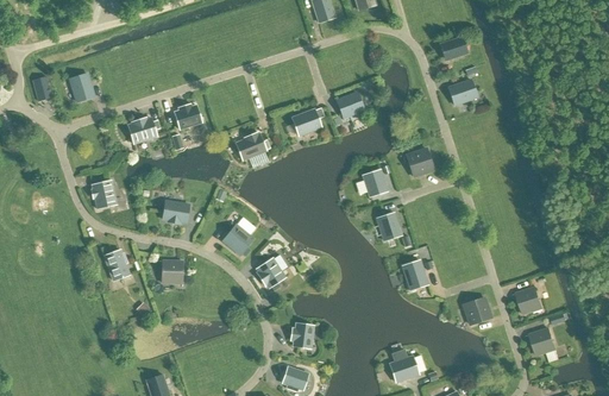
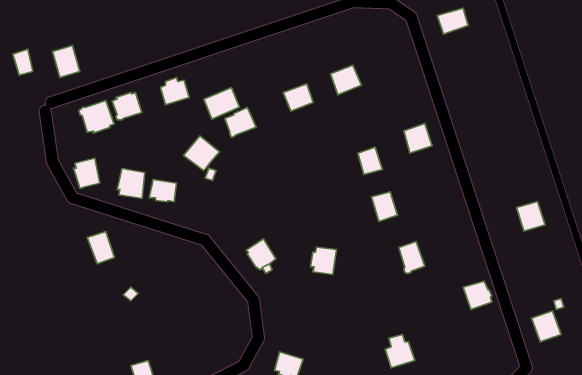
building: [448,77,479,105] -> none
building: none -> [204,87,239,119]
building: none -> [79,101,114,133]
building: none -> [117,169,145,199]
building: [221,221,256,254] -> [184,136,220,171]
building: [163,258,184,283] -> none
building: [516,285,544,314] -> [517,201,545,231]
building: [290,321,315,347] -> [310,247,336,274]

